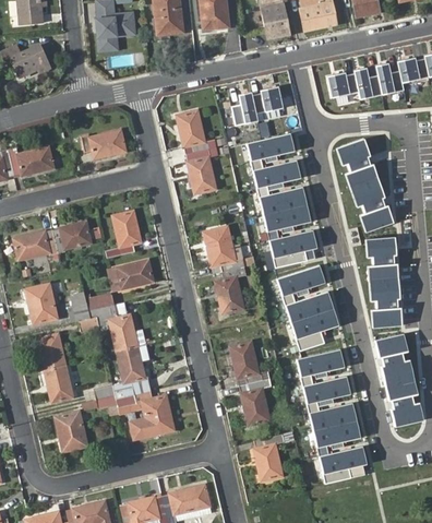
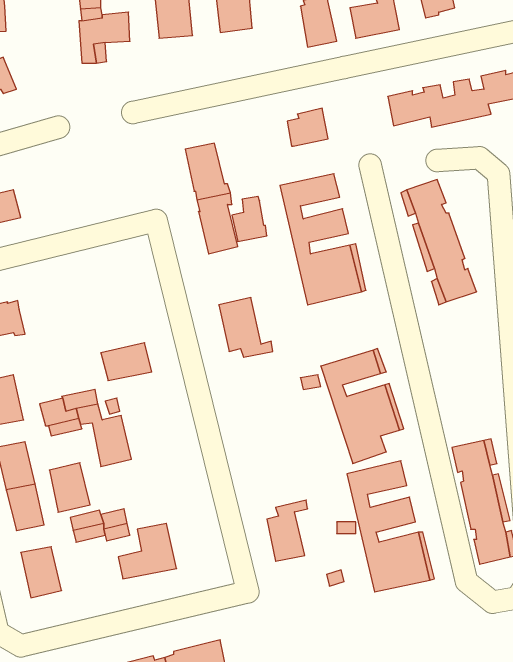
building: [232,92,259,126] -> [232,196,267,241]
building: [80,130,125,159] -> none
building: [105,211,139,259] -> none
building: [52,221,91,254] -> none
building: [271,230,315,269] -> none
building: [372,237,404,328] -> none
building: [214,268,244,314] -> none
building: [227,342,267,384] -> none
building: [113,348,144,385] -> [49,463,90,512]
building: [250,435,283,480] -> none
building: [321,447,365,484] -> none

